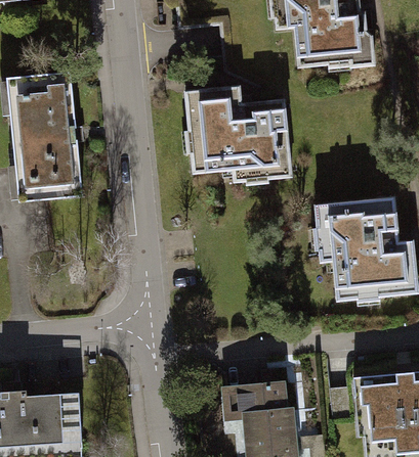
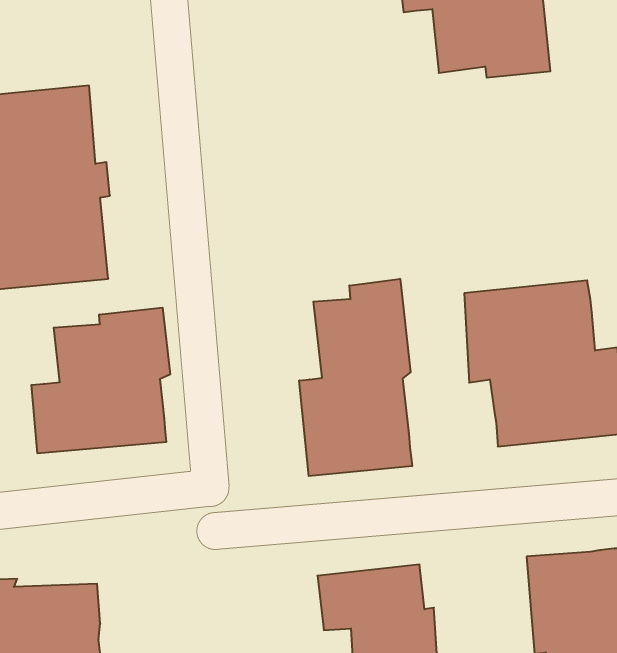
building: [182,87,293,185] -> none
building: none -> [299,279,412,476]
building: none -> [31,308,170,453]

